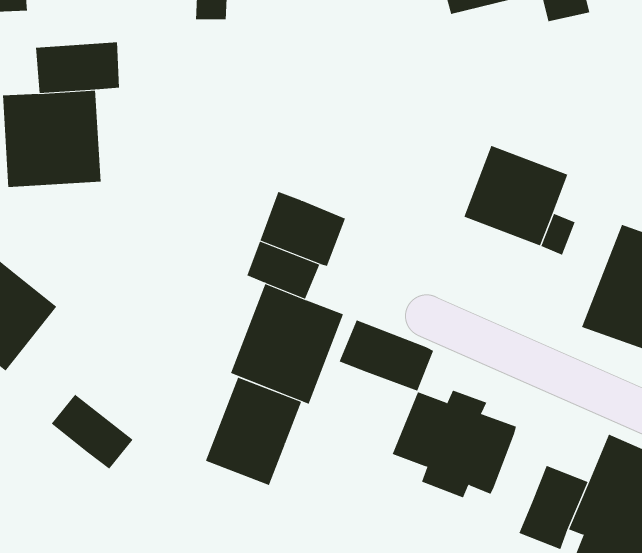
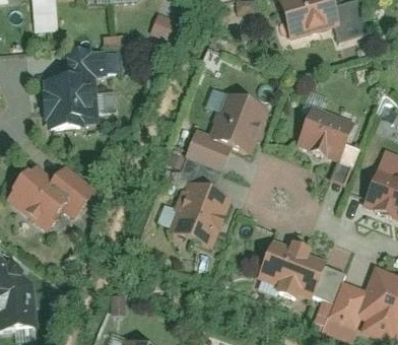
building: none -> [208,91,269,153]
building: [339,320,434,392] -> none
building: [205,377,302,486] -> none
building: [51,394,134,469] -> [53,162,98,204]
building: none -> [315,265,346,302]

